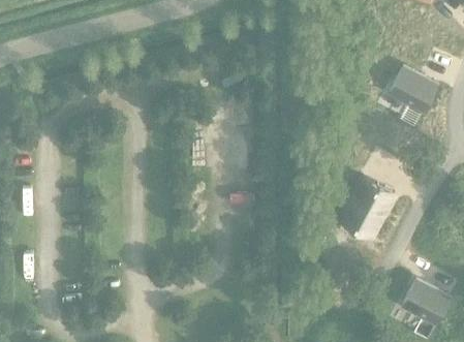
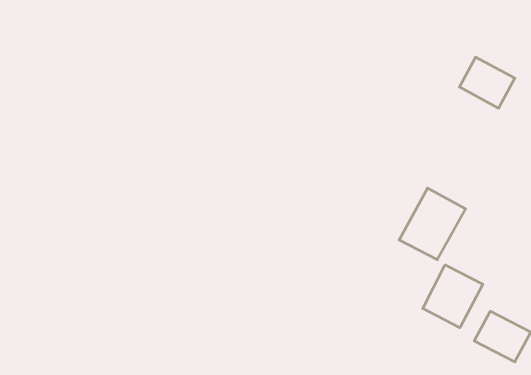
building: none -> [423,265,483,328]

